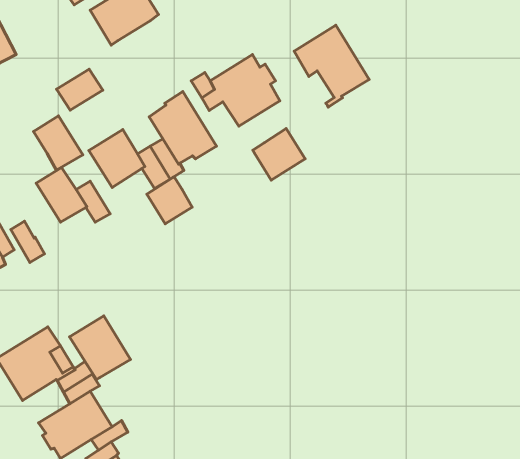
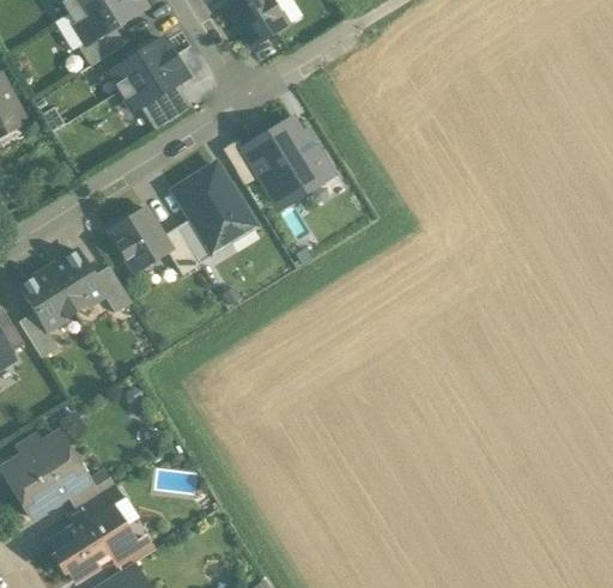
building: [294,25,369,107] -> none
building: [56,69,103,110] -> [140,81,193,128]
building: [33,116,83,171] -> [19,266,75,328]
building: [253,128,305,180] -> none
building: [147,177,192,224] -> none
building: [70,316,130,379] -> none

